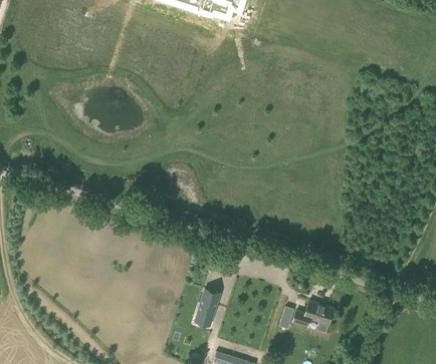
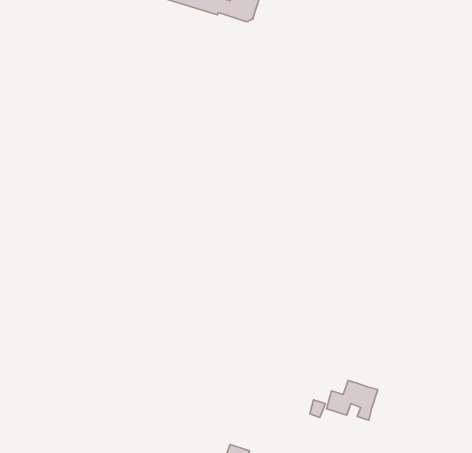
building: [198,288,221,318] -> none

